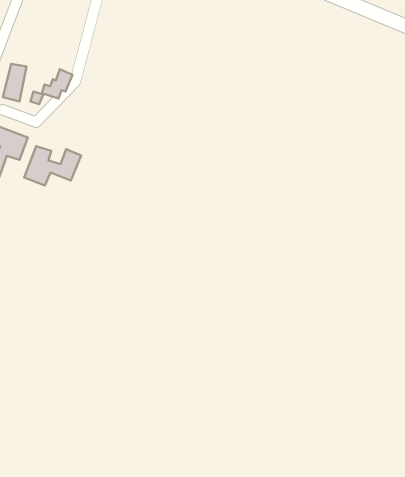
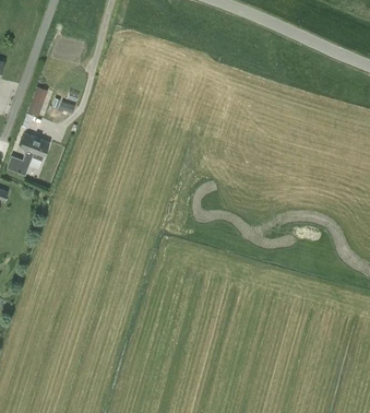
building: [24,146,81,186] -> none

